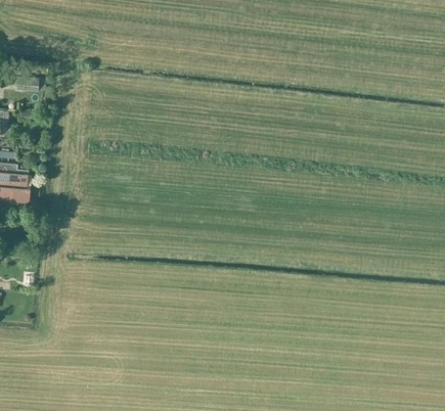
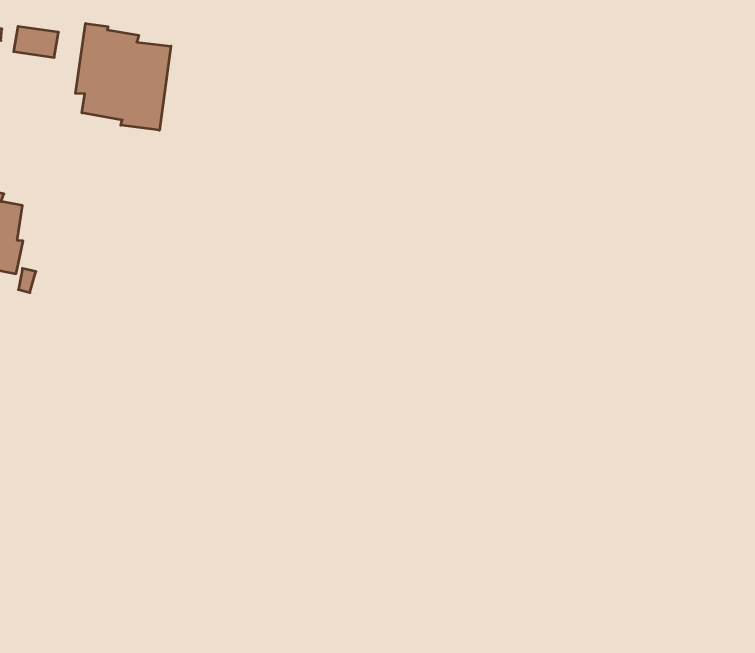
building: none -> [75,23,171,130]

